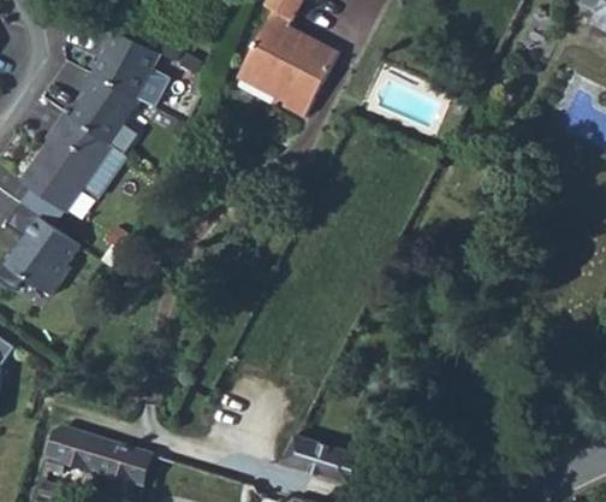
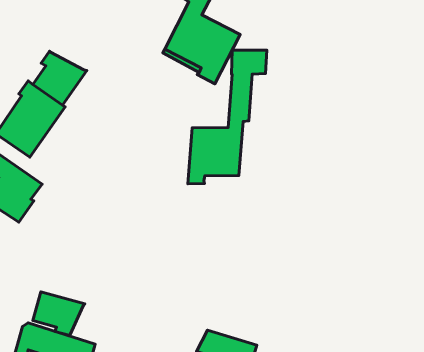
building: [91,31,164,99] -> none
building: none -> [188,50,267,184]
building: none -> [33,292,85,336]

